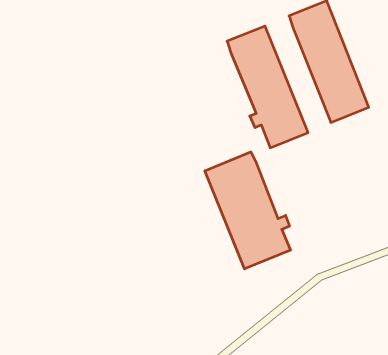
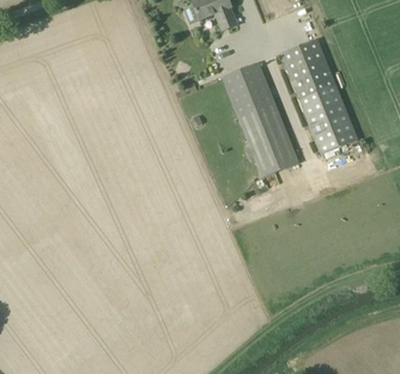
building: [205,152,291,269] -> none

